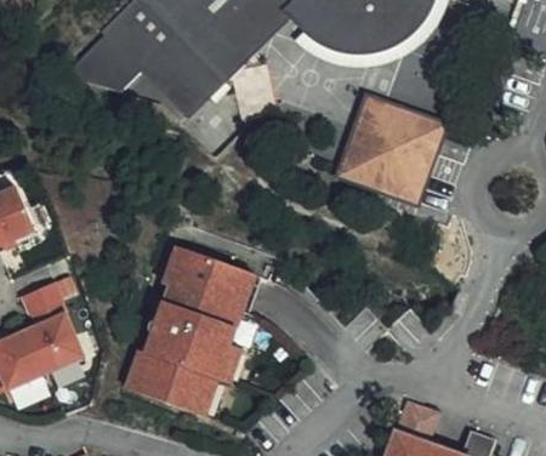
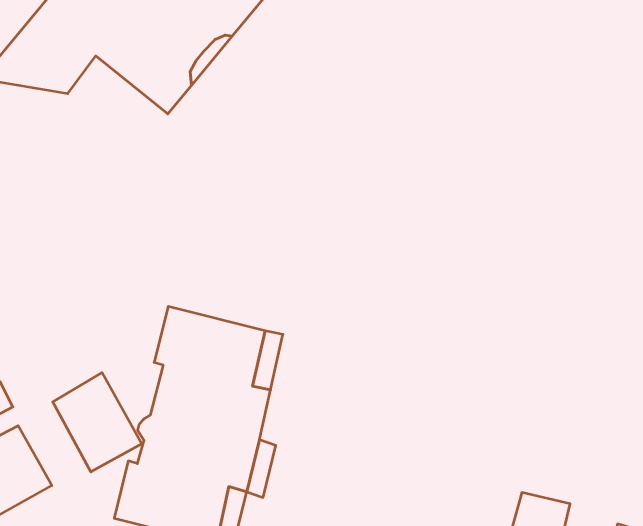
building: [337,97,443,201] -> none
building: none -> [53,373,142,472]

